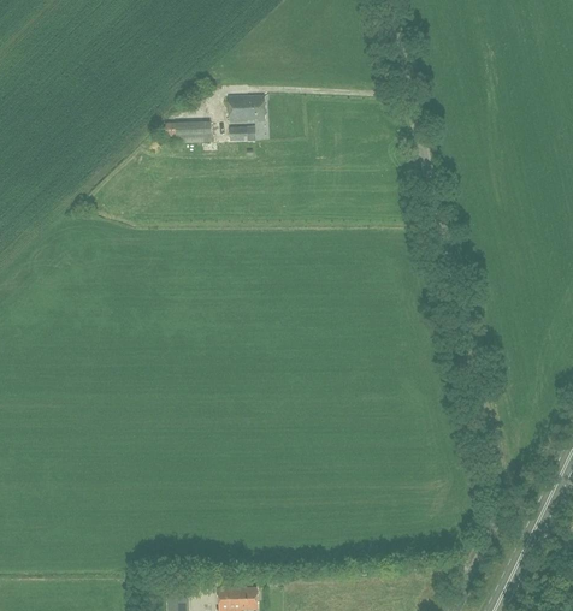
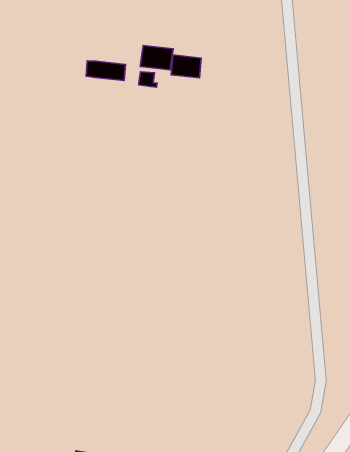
building: none -> [171,55,201,78]

